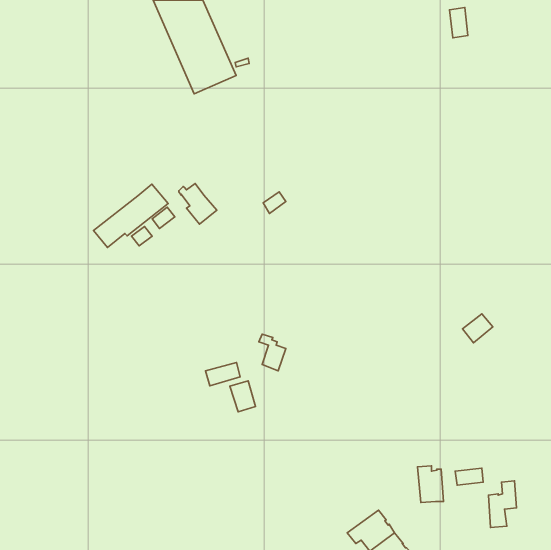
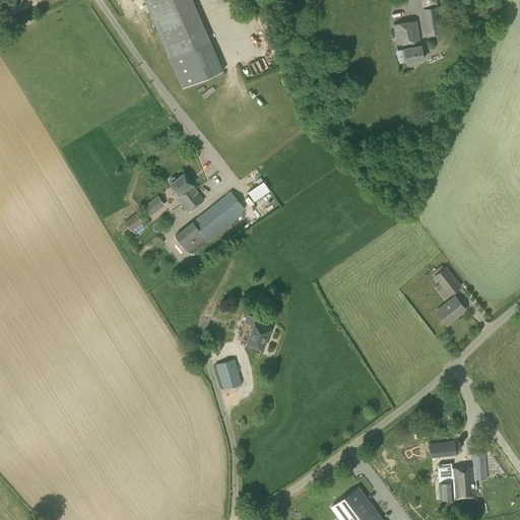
building: none -> [393,21,422,63]
building: [94,184,168,248] -> [175,192,245,252]
building: none -> [434,267,461,297]
building: [205,362,240,386] -> none
building: [418,466,443,502] -> [438,464,462,499]

